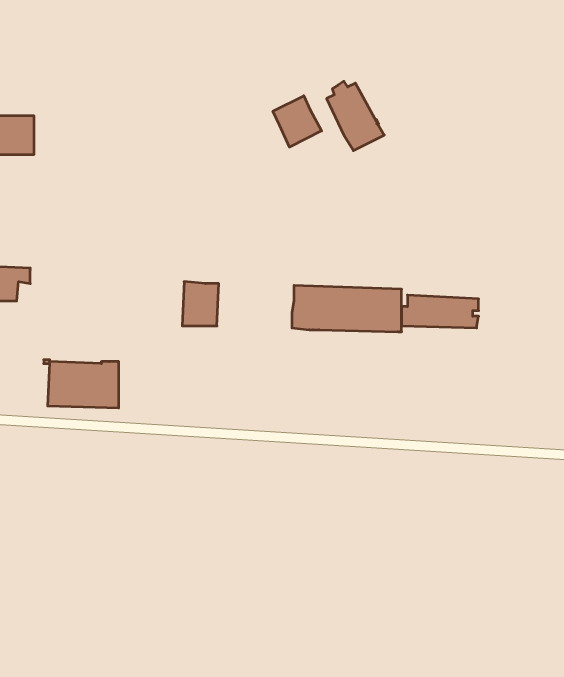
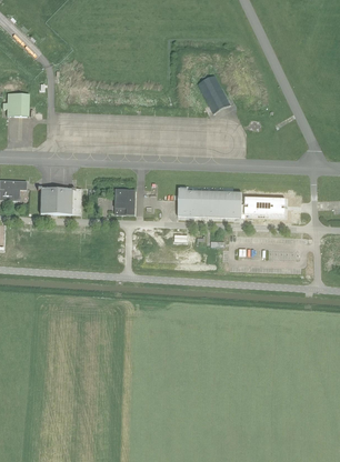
building: [273,96,322,147] -> none
building: [44,360,119,408] -> [38,187,81,214]

